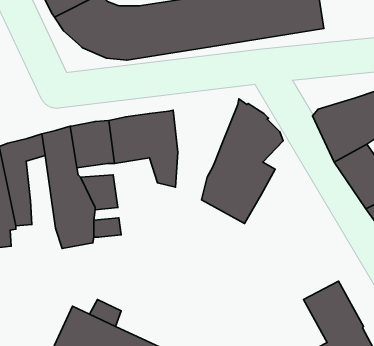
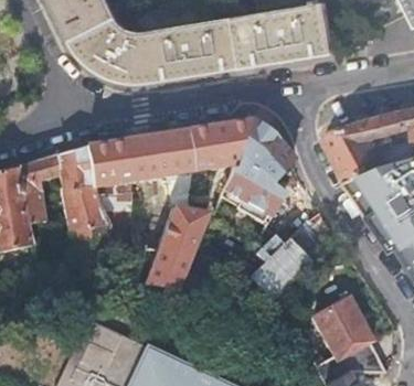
building: none -> [185,120,250,172]
building: none -> [146,208,204,293]
building: none -> [244,223,323,303]

